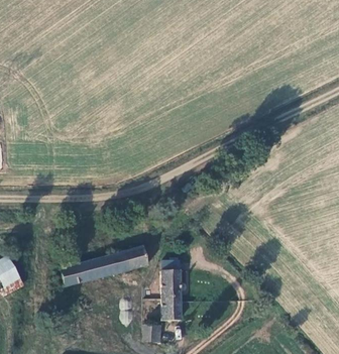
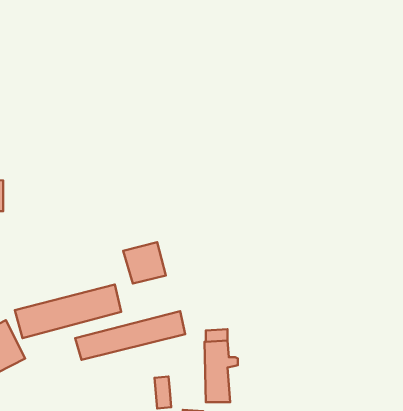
building: none -> [123,242,166,283]
building: none -> [15,285,121,338]

